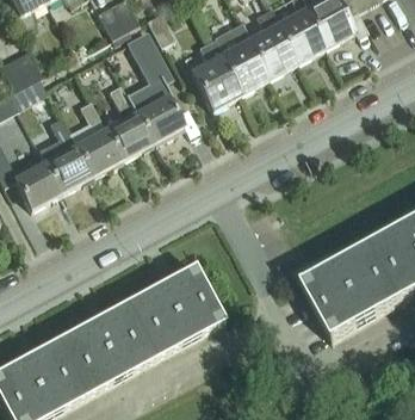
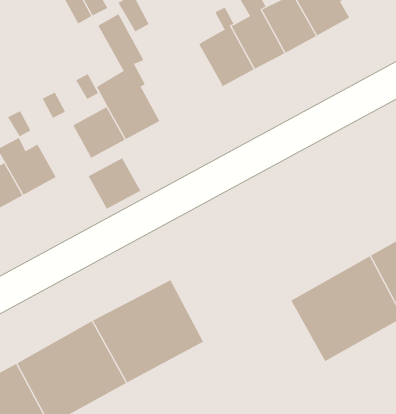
building: [192,36,241,107] -> none
building: [75,126,123,173] -> [88,158,141,209]

